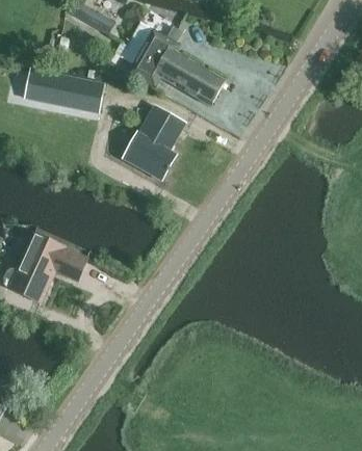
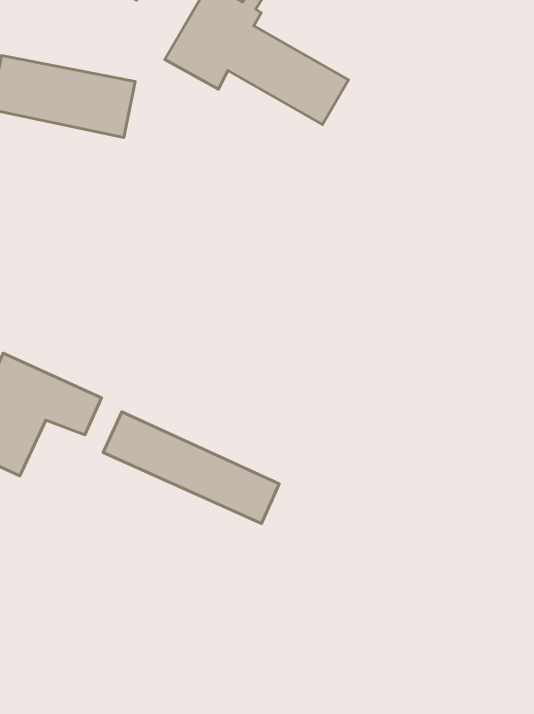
building: [126,106,184,179] -> none
building: none -> [103,412,279,523]

